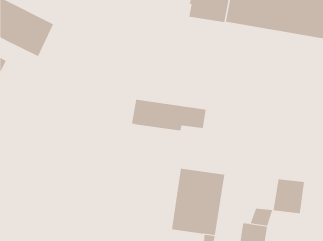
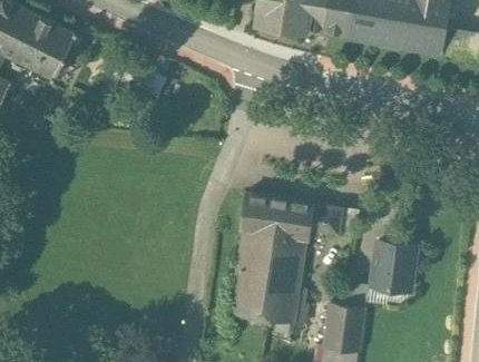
building: [131,99,207,131] -> [242,195,344,238]

